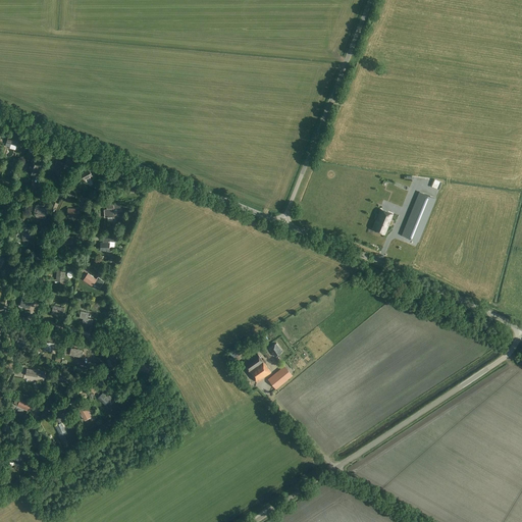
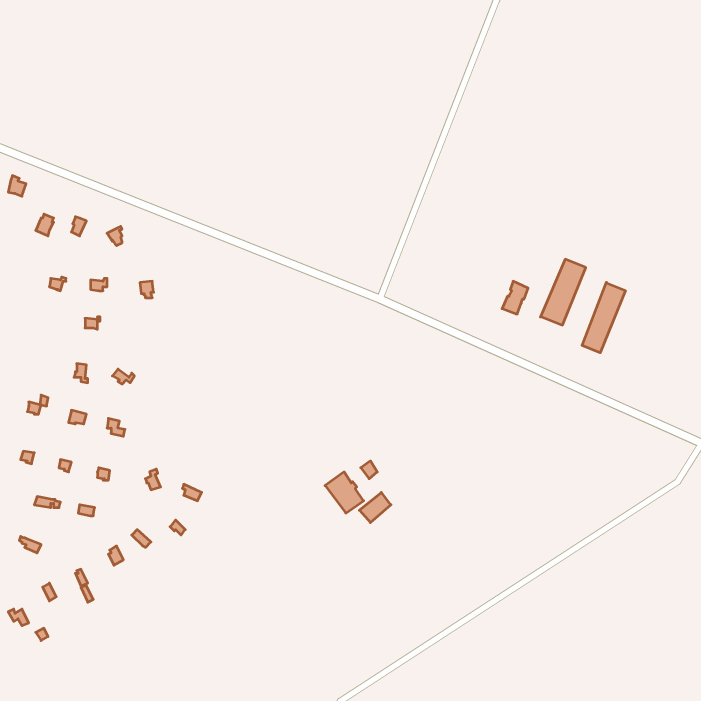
building: none -> [582,282,625,353]

